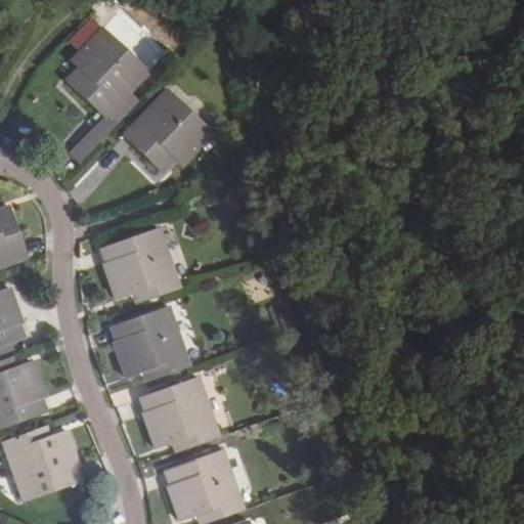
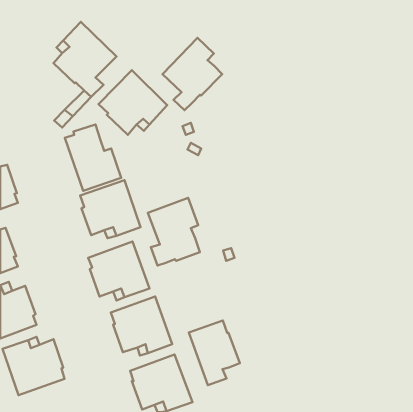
building: none -> [162,38,222,110]
building: none -> [65,124,121,191]
building: none -> [148,198,200,265]
building: none -> [189,320,240,385]

